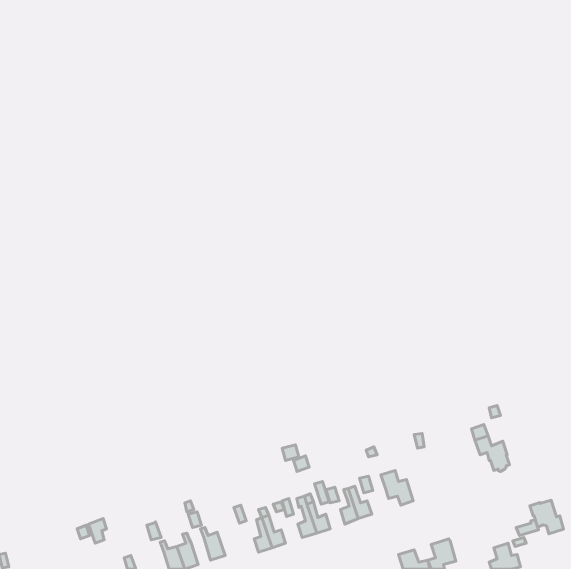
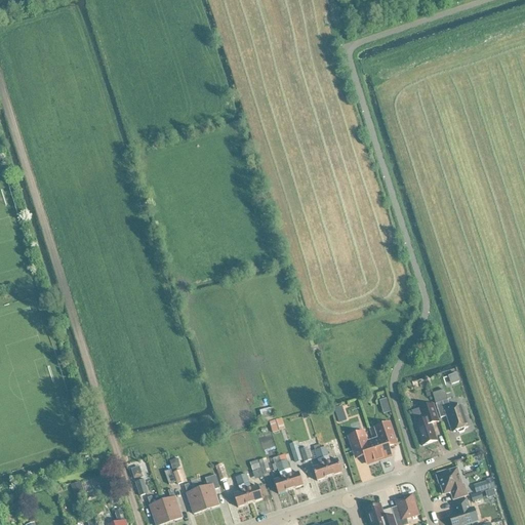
building: none -> [412,403,438,444]
building: none -> [372,421,395,458]
building: [530,500,563,534] -> [436,468,467,498]
building: none -> [199,474,219,509]

